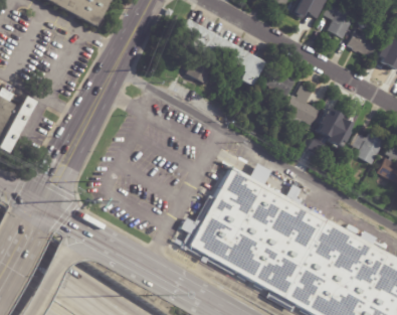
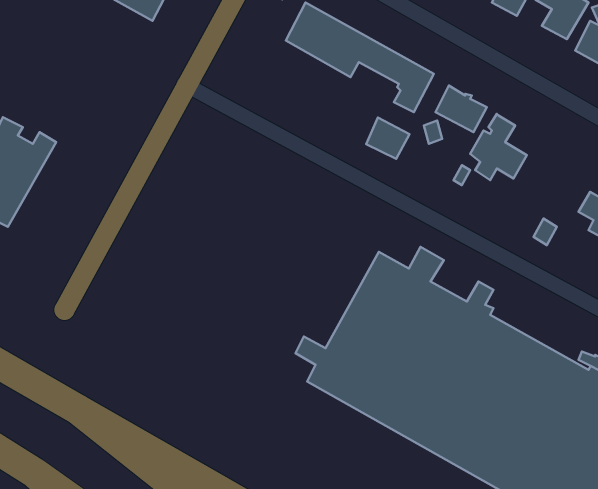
building: [187,55,213,81] -> [366,117,409,159]
building: [309,107,353,146] -> none

